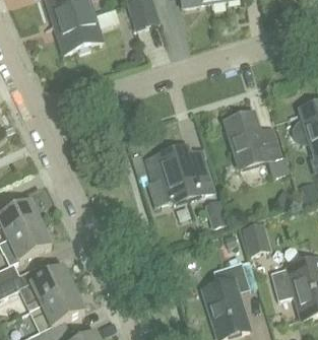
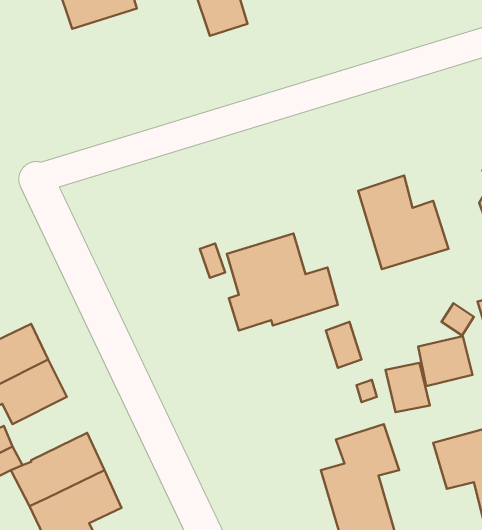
building: [55,12,103,52] -> none
building: none -> [418,336,473,386]

